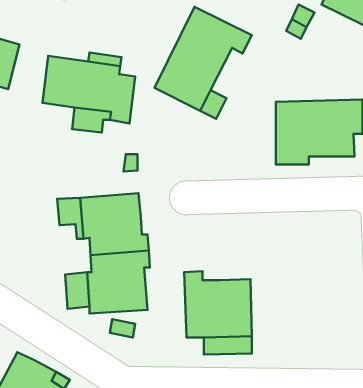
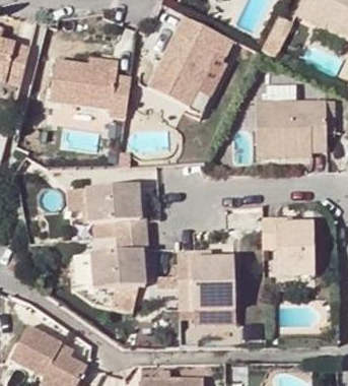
building: none -> [261,220,312,277]

